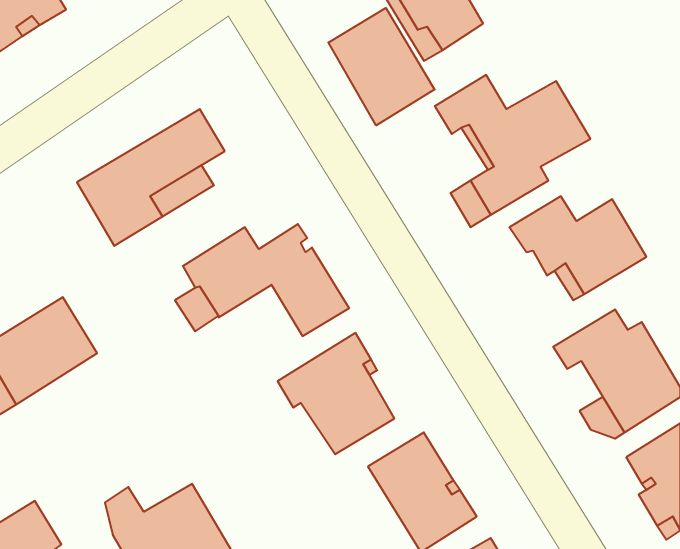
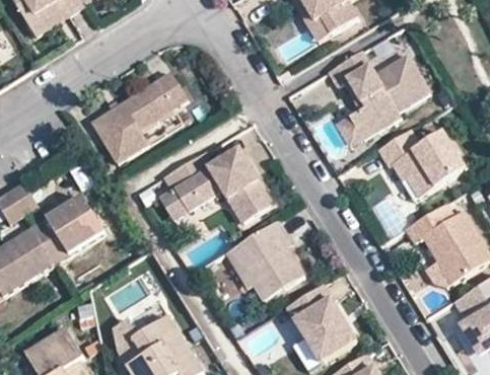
building: [328,8,435,125] -> none

